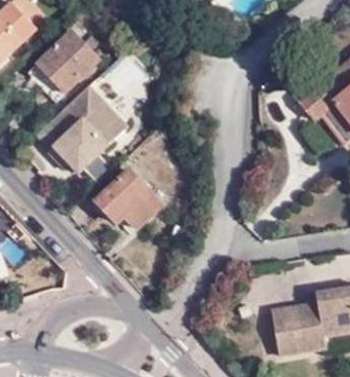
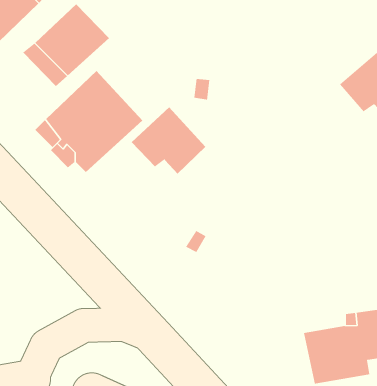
building: [95,171,160,229] -> [131,106,206,174]

